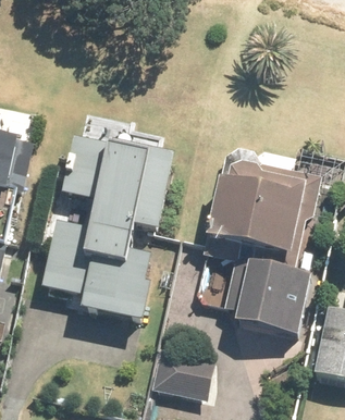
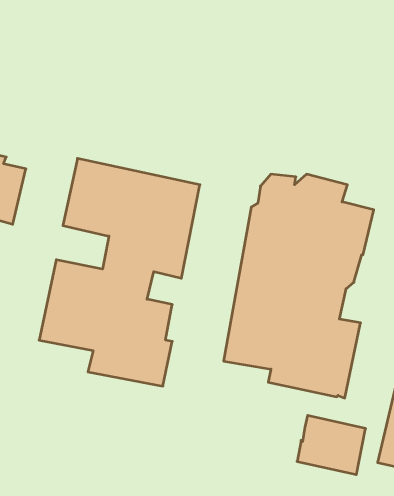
building: [151,348,208,397] -> [297,415,366,475]

